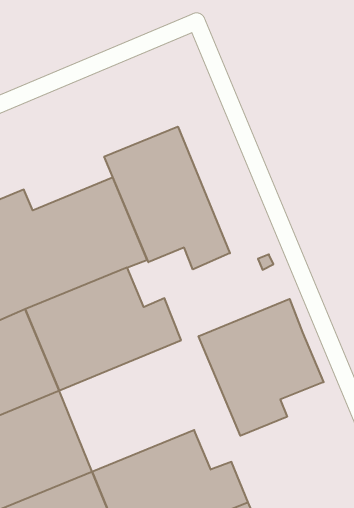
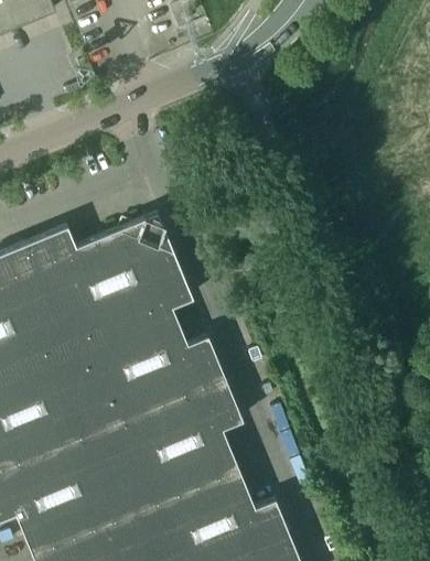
building: [104,127,230,269] -> none
building: [199,299,324,436] -> none
building: none -> [103,378,243,510]

